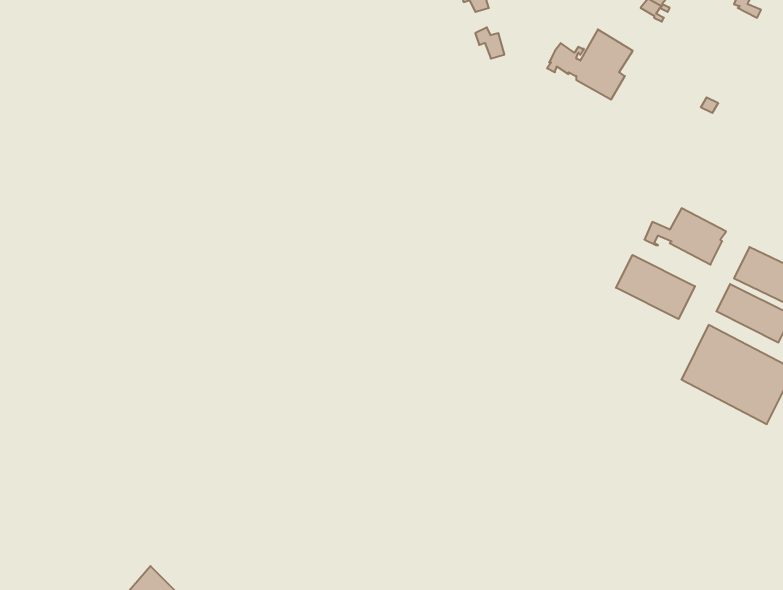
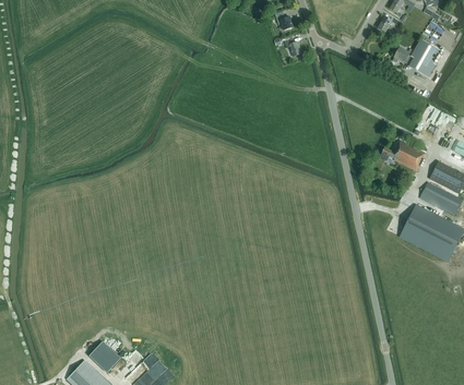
building: [547,29,633,99] -> [393,38,441,77]
building: [616,255,695,319] -> none

